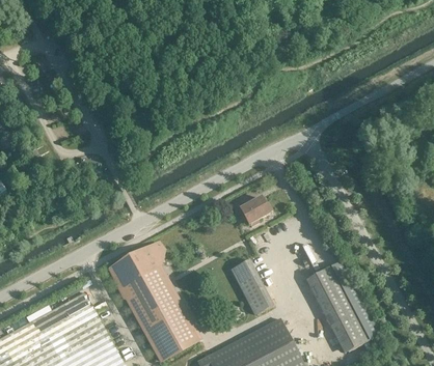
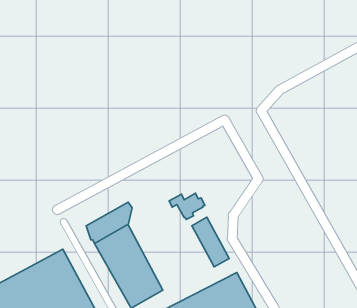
building: [232,197,271,226] -> [169,193,205,219]
building: [308,266,370,351] -> none

